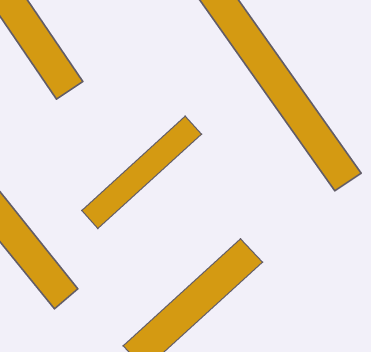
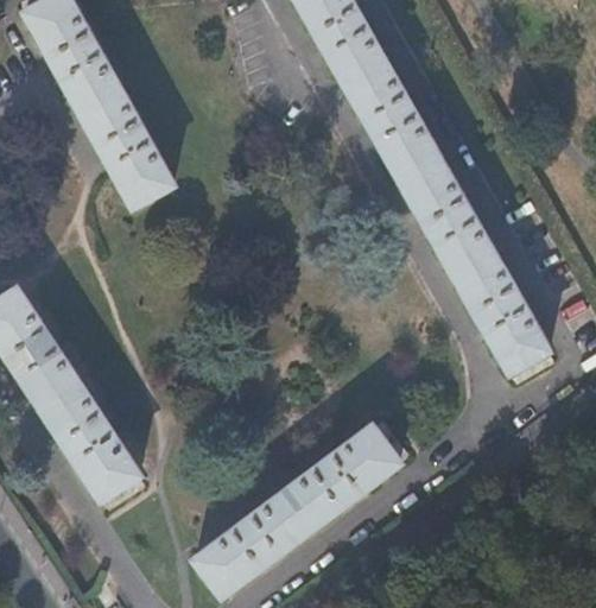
building: [82,116,201,229] -> none

